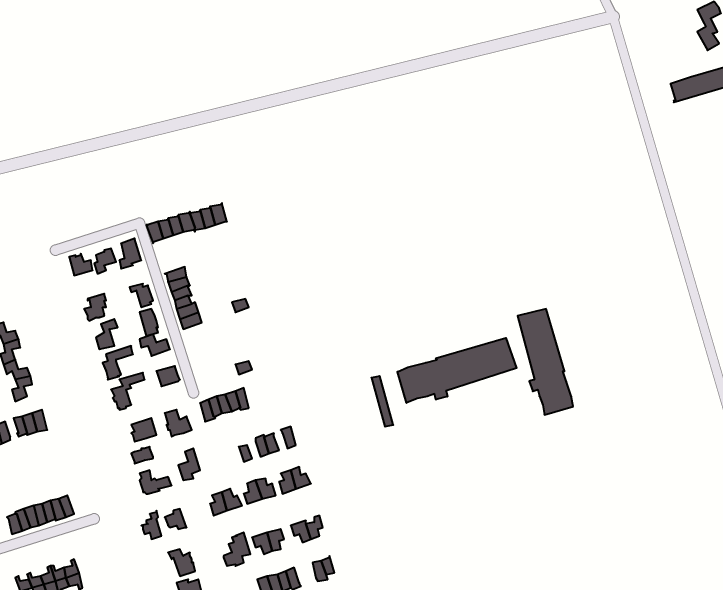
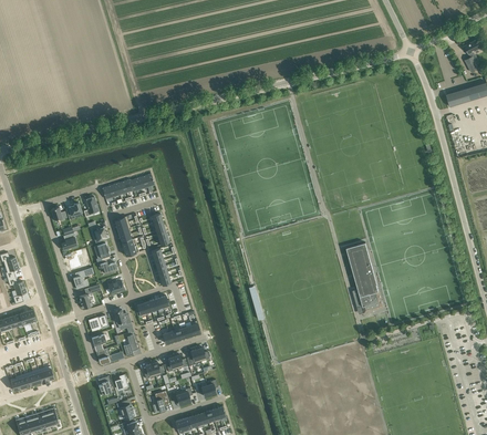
building: [397,338,517,403] -> none

